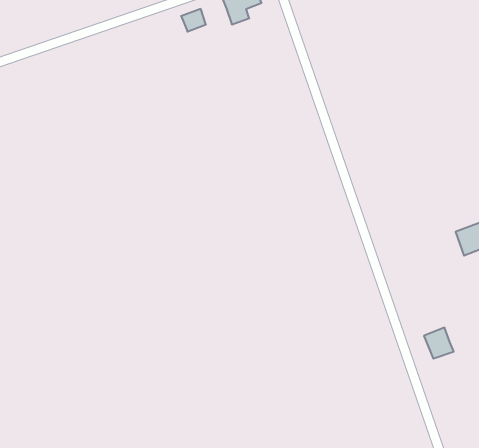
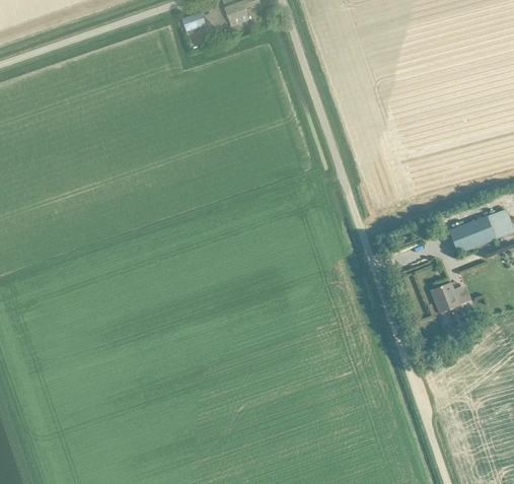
building: [424,328,454,359] -> [433,281,462,312]

